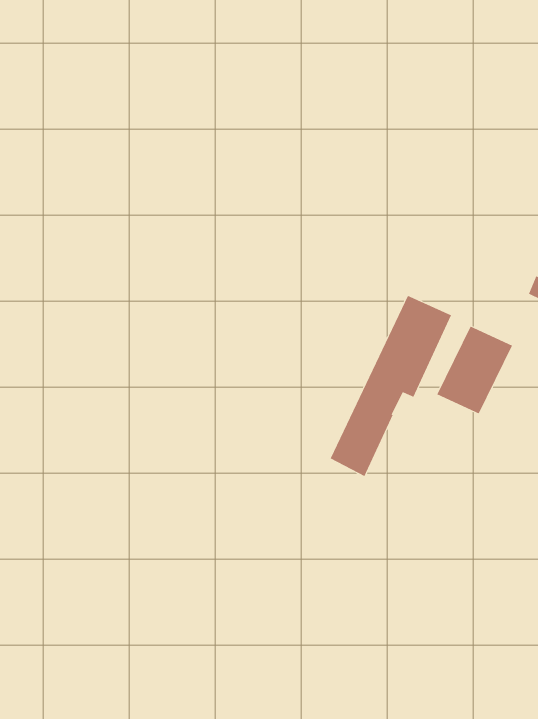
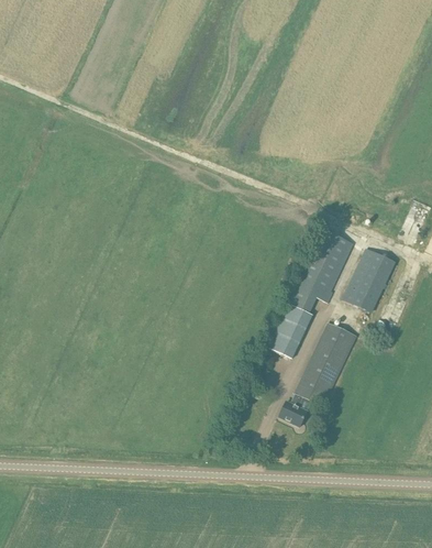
building: none -> [280,321,357,426]

